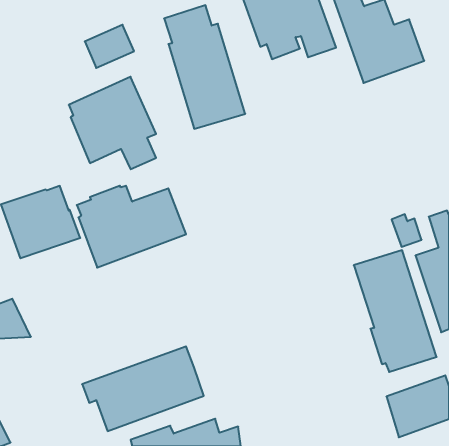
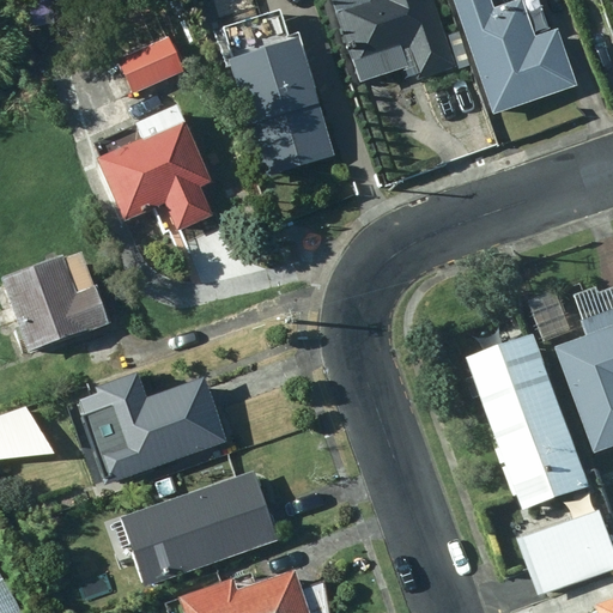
building: [77,186,186,268] -> [78,374,226,485]

